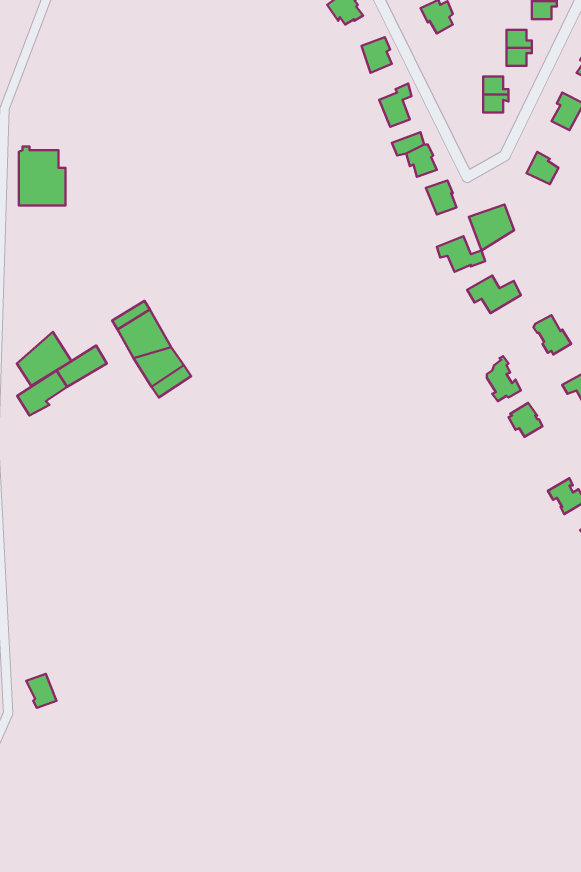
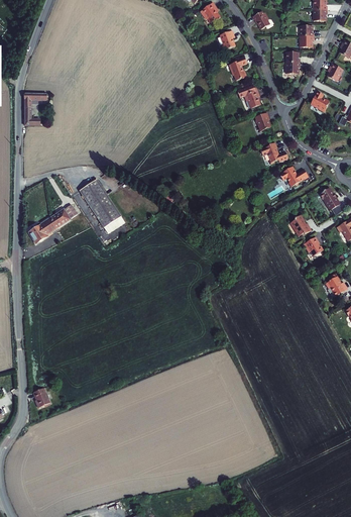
building: [469,205,514,250] -> none
building: [17,332,71,386] -> none

